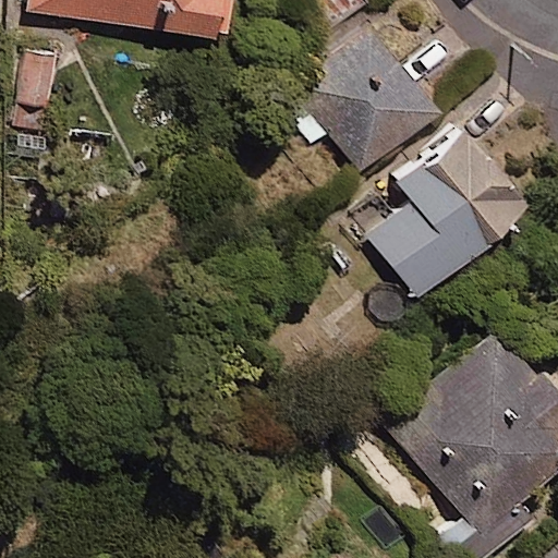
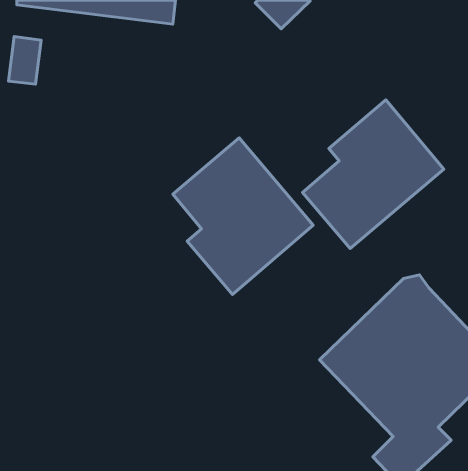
building: [280,26,439,173] -> none
building: none -> [173,138,313,294]

